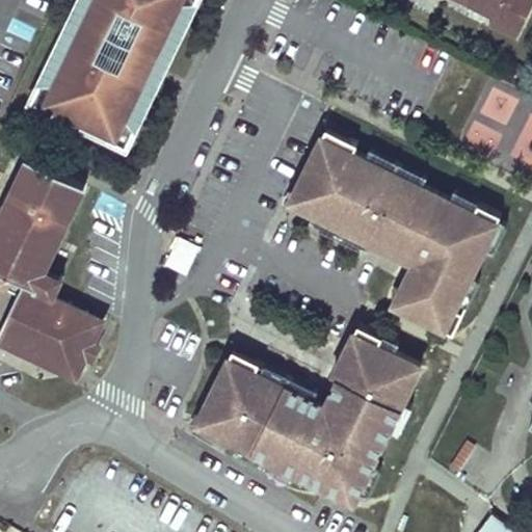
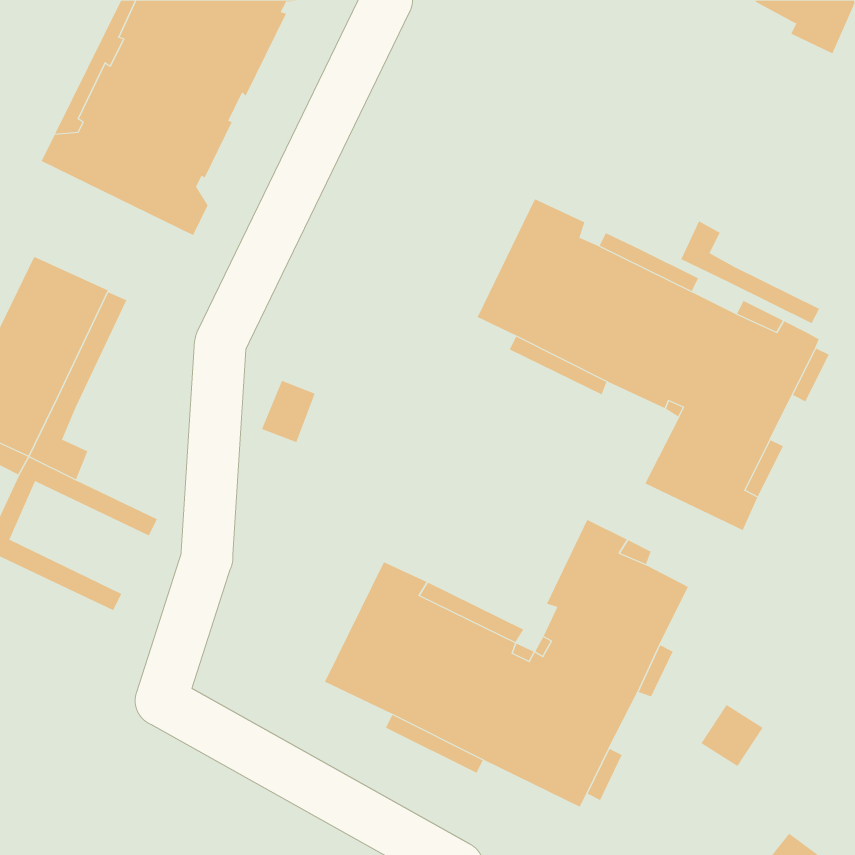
building: none -> [680,220,820,324]
building: [6,302,91,371] -> none

